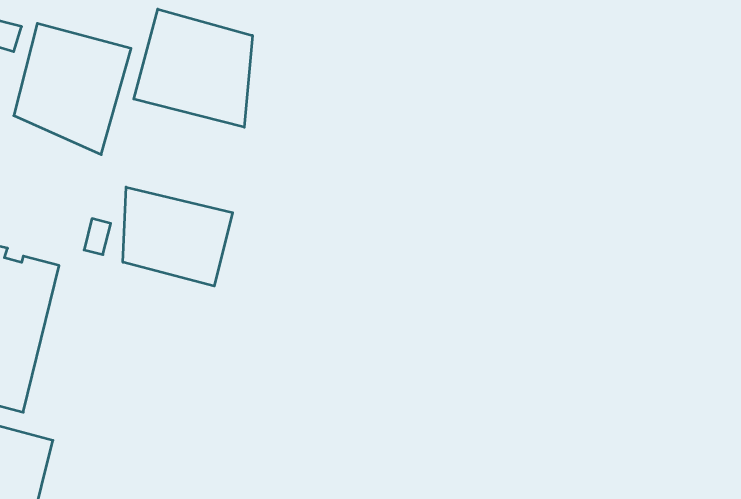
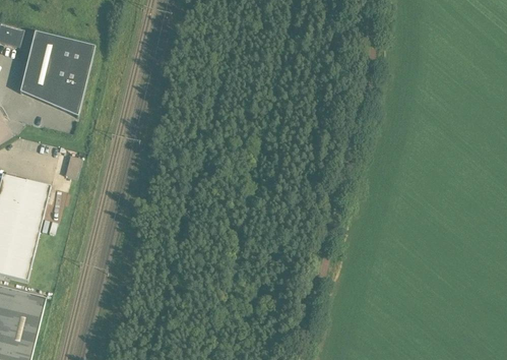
building: [134,9,252,127] -> none
building: [123,187,233,286] -> none

